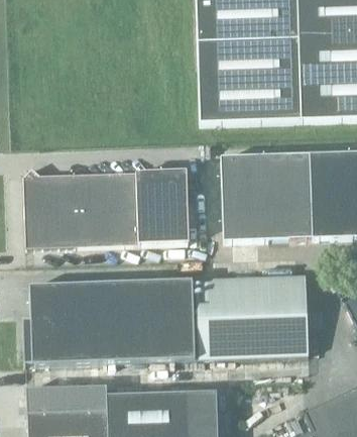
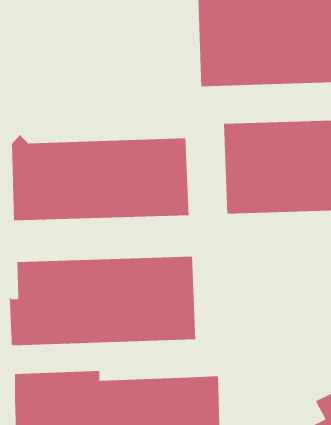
building: [198,274,309,358] -> none

